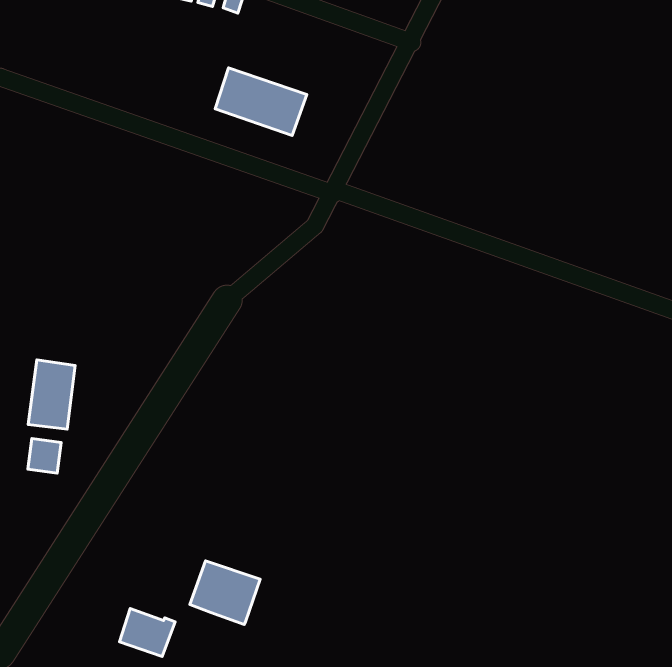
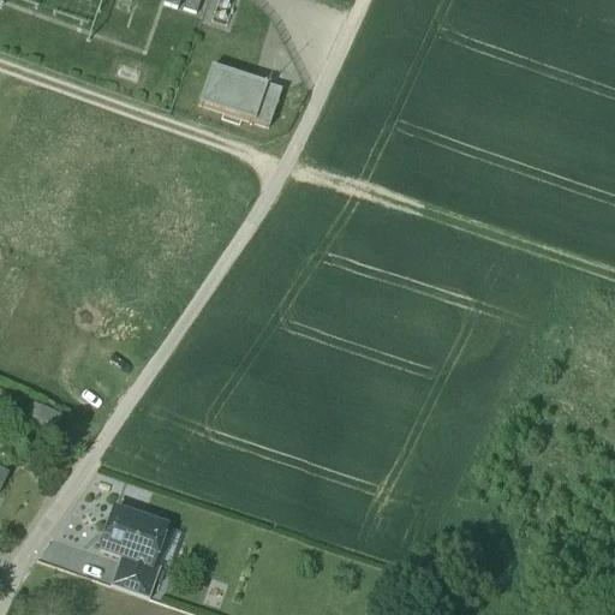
building: [28,360,75,429] -> none
building: [190,561,260,624] -> [105,503,168,561]

